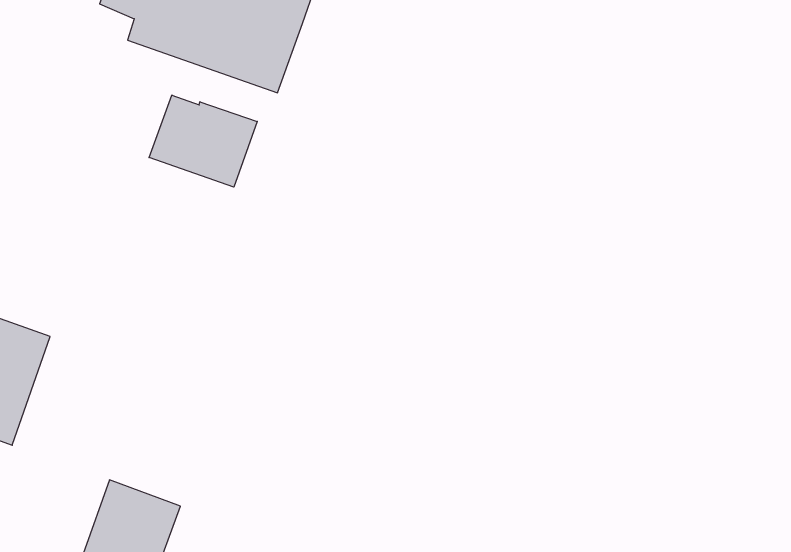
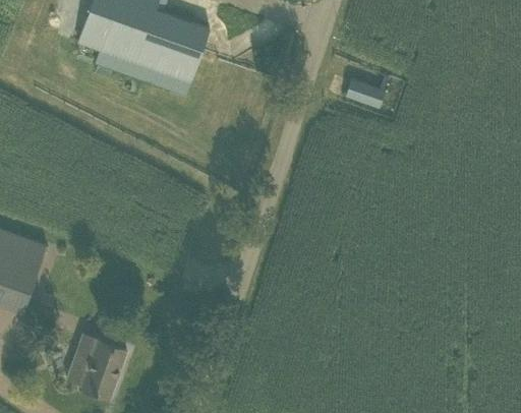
building: none -> [346,78,385,108]
building: [149,95,257,187] -> none

